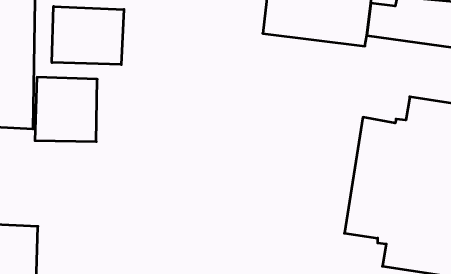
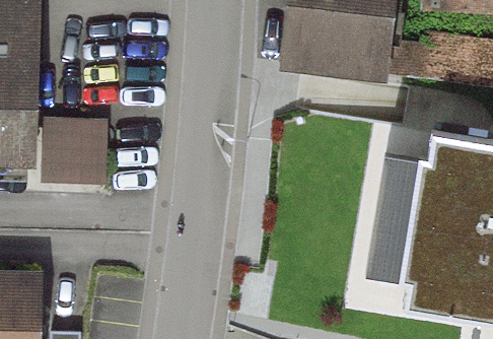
building: [52,6,124,65] -> none

